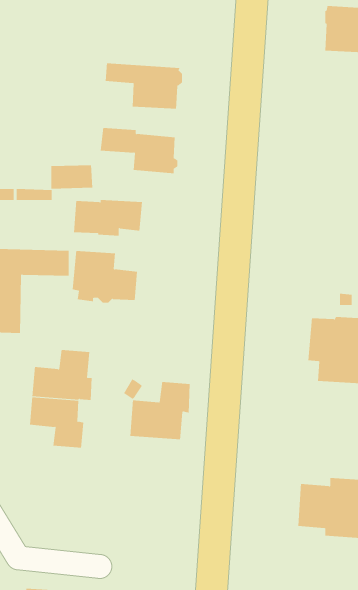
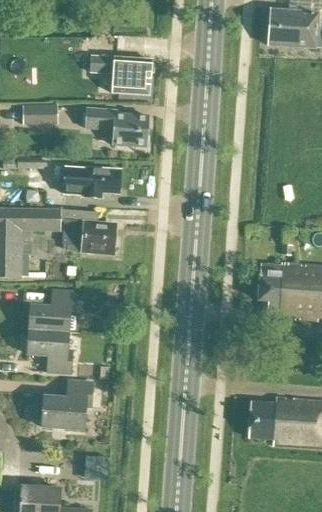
building: [50,165,93,189] -> [22,104,57,124]
building: [130,381,191,440] -> [41,380,91,428]

